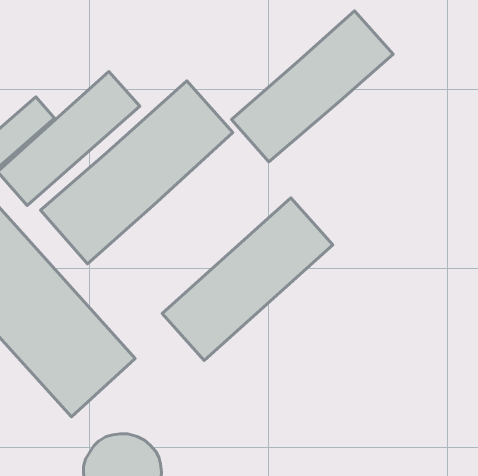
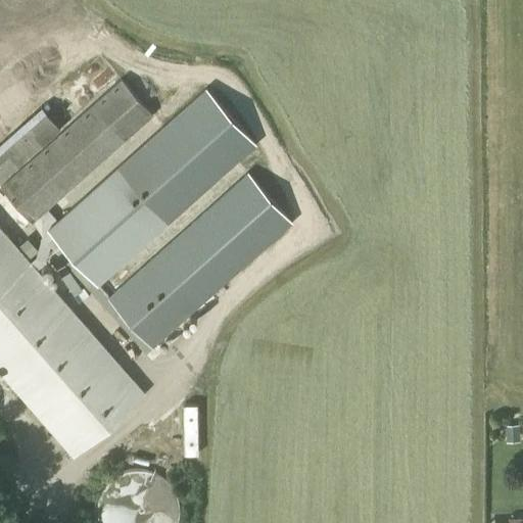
building: [232,11,393,162] -> none
building: [162,198,333,360] -> [104,176,290,352]

